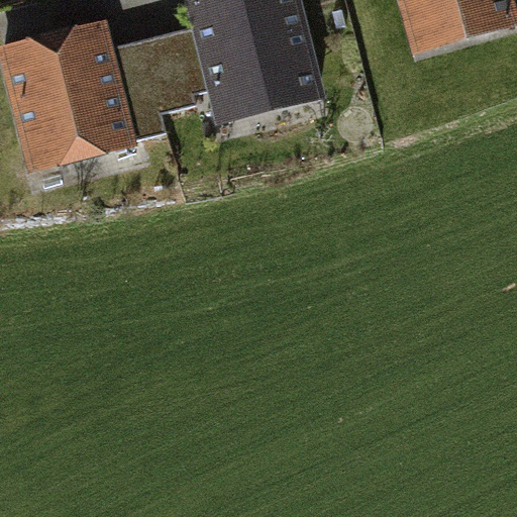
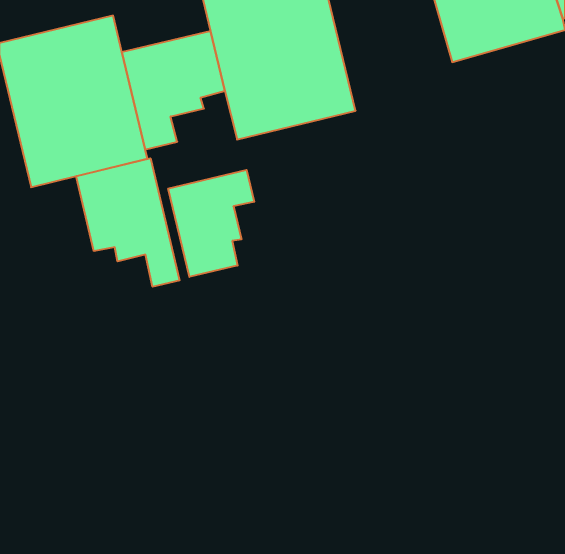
building: none -> [76,158,180,287]
building: none -> [168,170,254,277]

